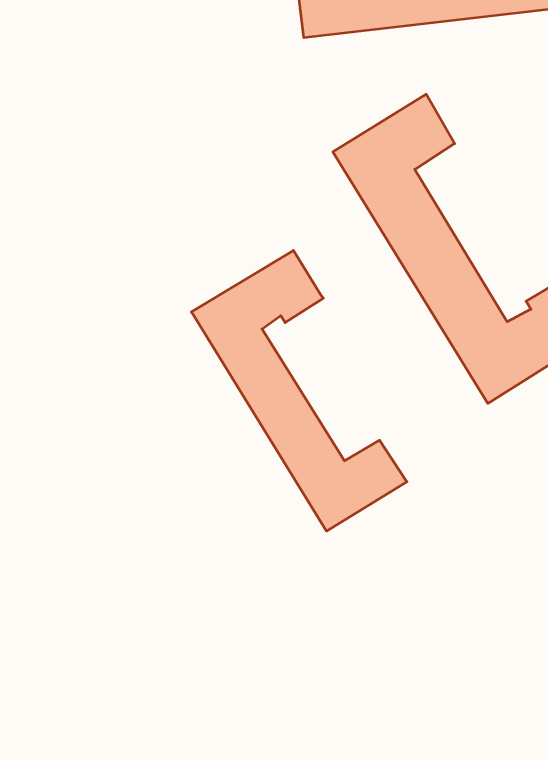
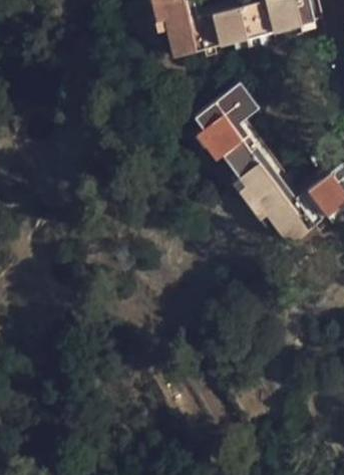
building: [191,250,407,531] -> none

